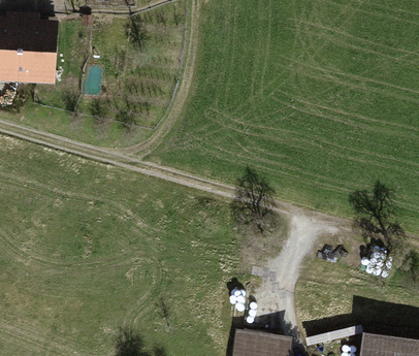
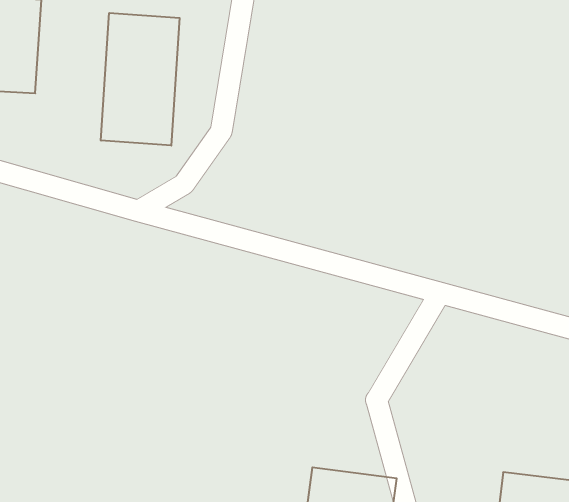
building: none -> [101,13,180,146]

